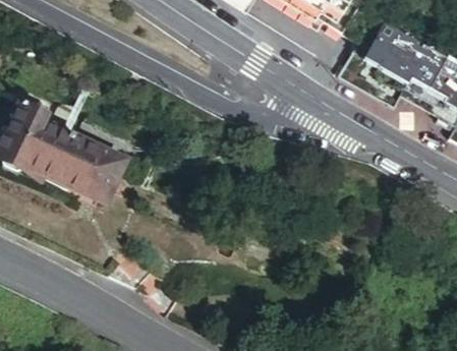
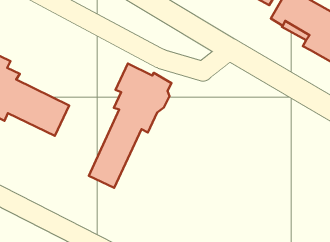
building: none -> [89,64,172,188]

